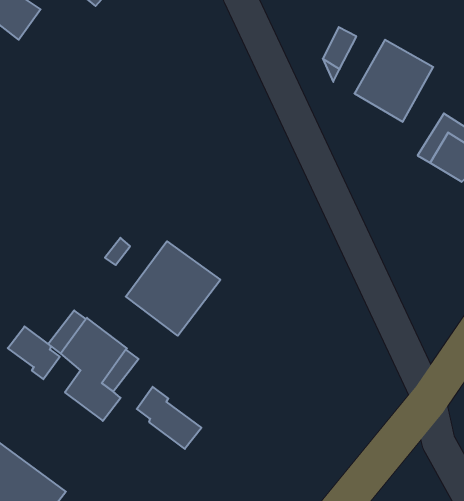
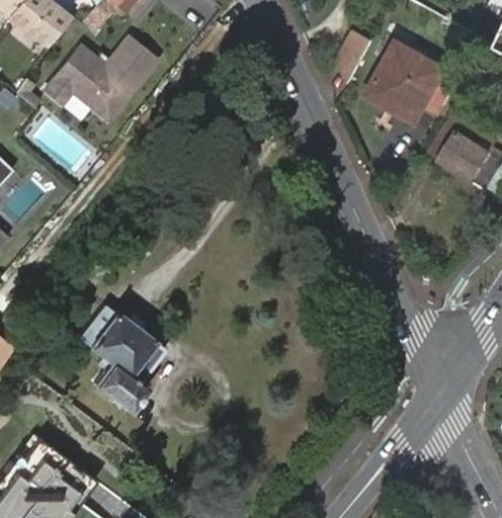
building: none -> [44,38,154,121]
building: [126,241,220,336] -> none
building: [8,326,60,379] -> none
building: [137,387,201,449] -> none

